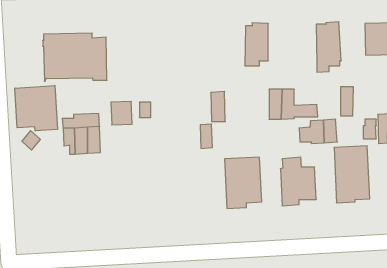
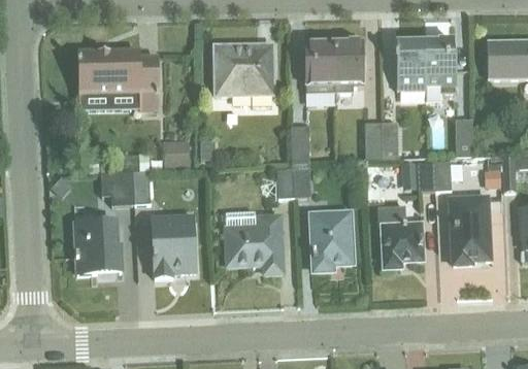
building: none -> [396,40,426,91]
building: none -> [212,42,275,106]
building: none -> [304,42,335,105]
building: [15,85,57,131] -> none
building: none -> [292,164,310,197]
building: none -> [223,211,286,275]
building: none -> [151,214,197,278]
building: none -> [75,222,121,273]

